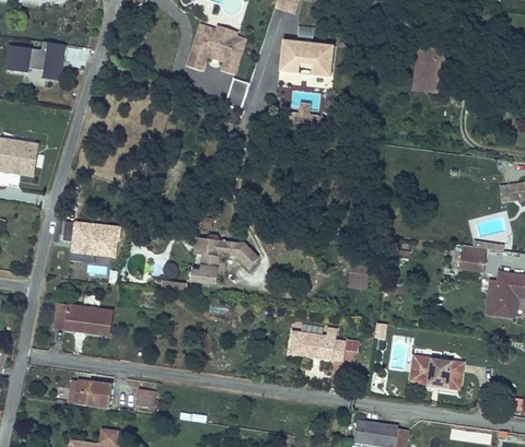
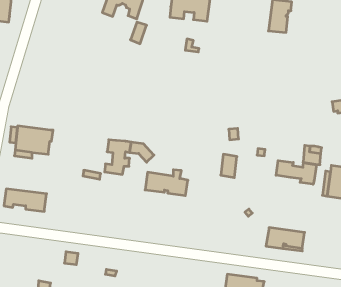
building: none -> [276,161,316,184]
building: [288,327,346,362] -> [145,170,188,196]
building: [68,379,112,409] -> none

